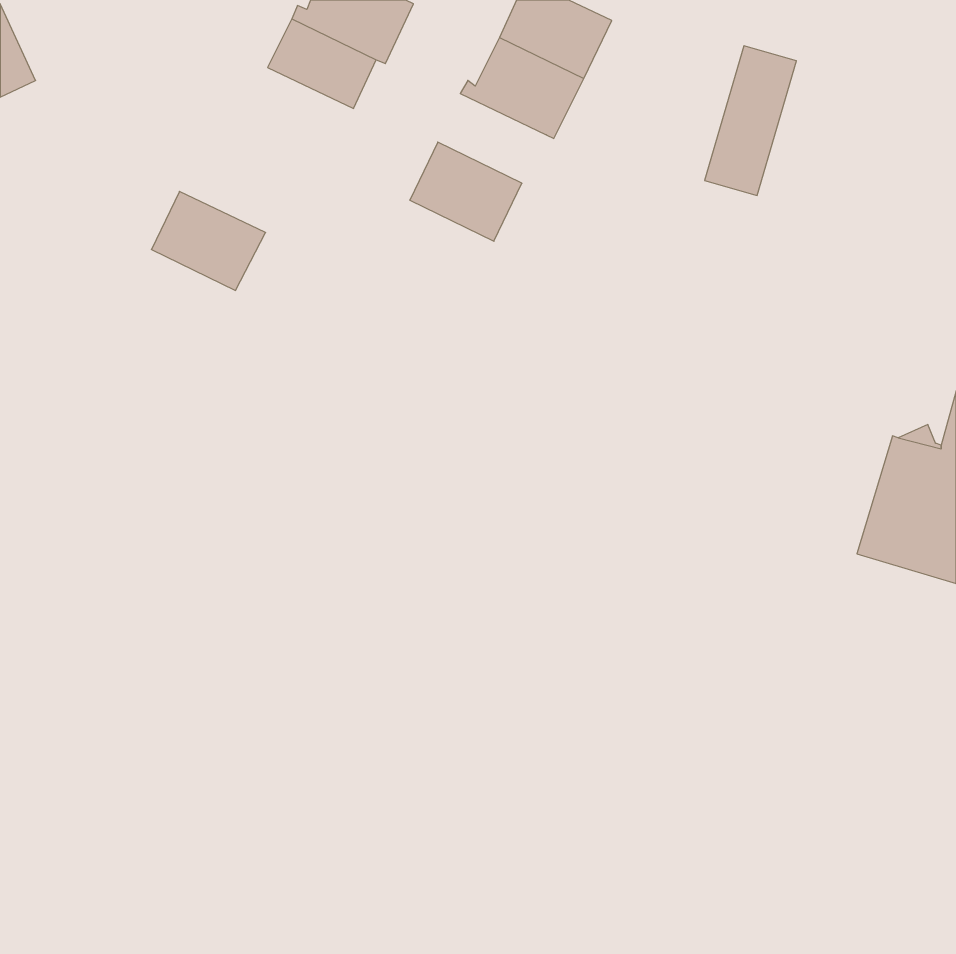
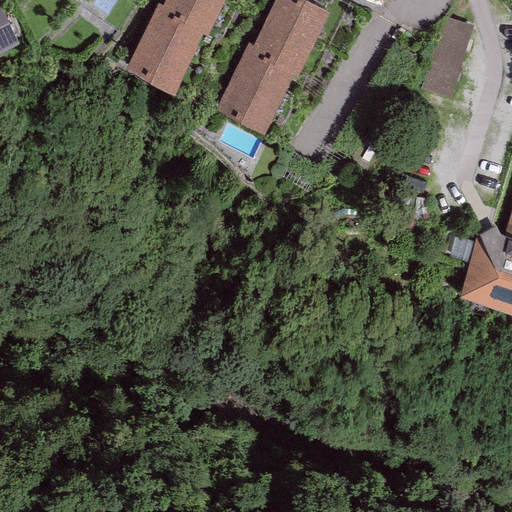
building: [705,46,796,195] -> [422,18,471,98]
building: none -> [234,51,292,99]
building: [151,191,266,290] -> [128,37,189,90]

